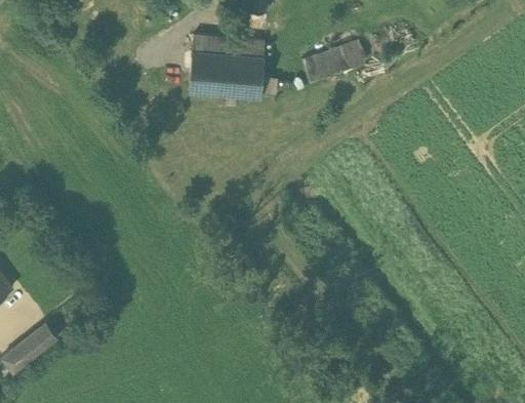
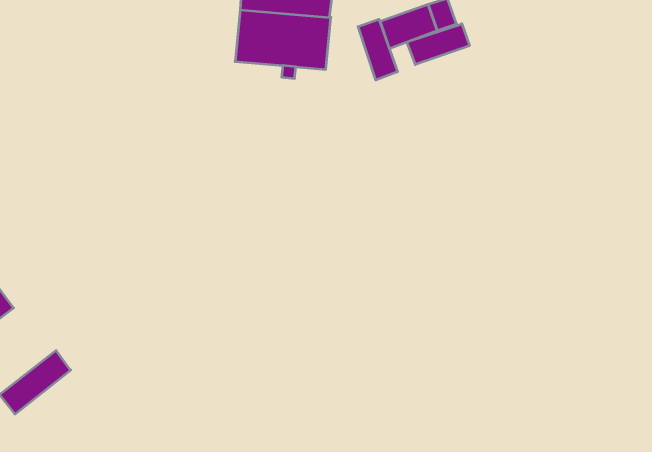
building: none -> [358,19,397,80]
building: none -> [407,24,469,65]

